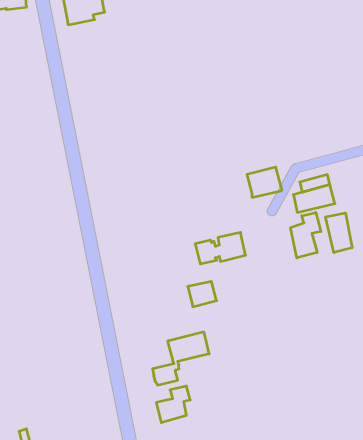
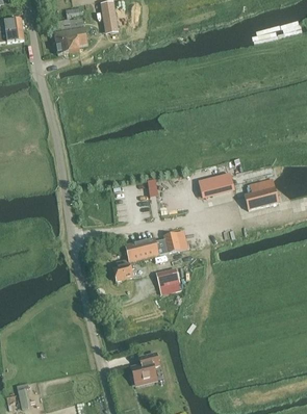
building: [291,212,321,258] -> none
building: [326,213,352,253] -> none
building: [153,332,209,385] -> [111,238,158,282]

